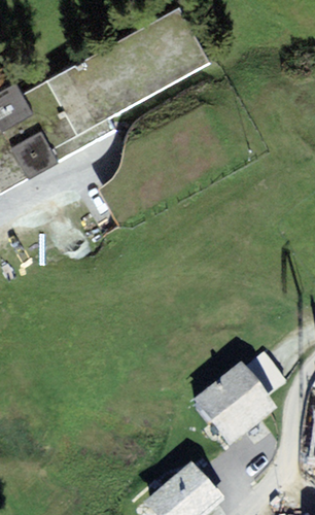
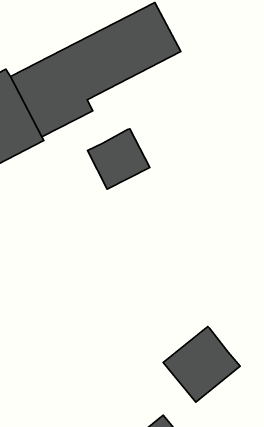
building: none -> [87,129,150,189]
building: [245,351,286,394] -> none

